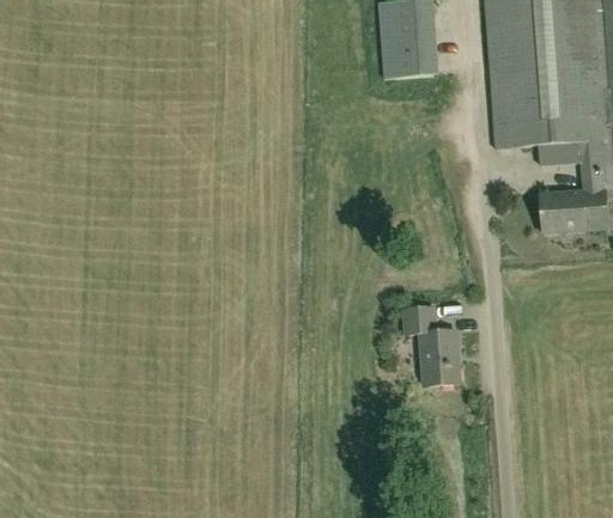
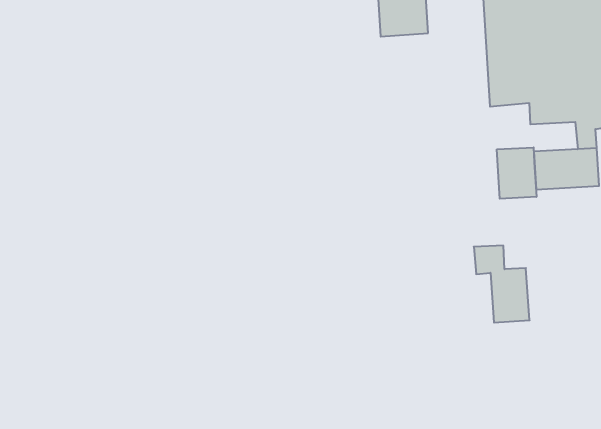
building: none -> [497,147,536,199]
building: [405,306,461,384] -> [474,246,530,323]

